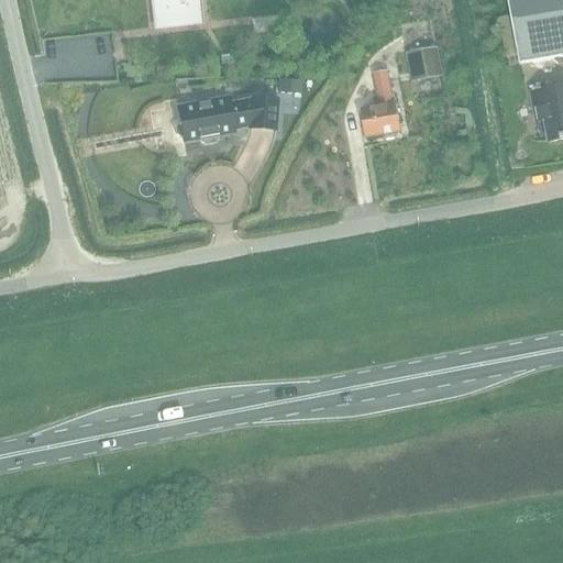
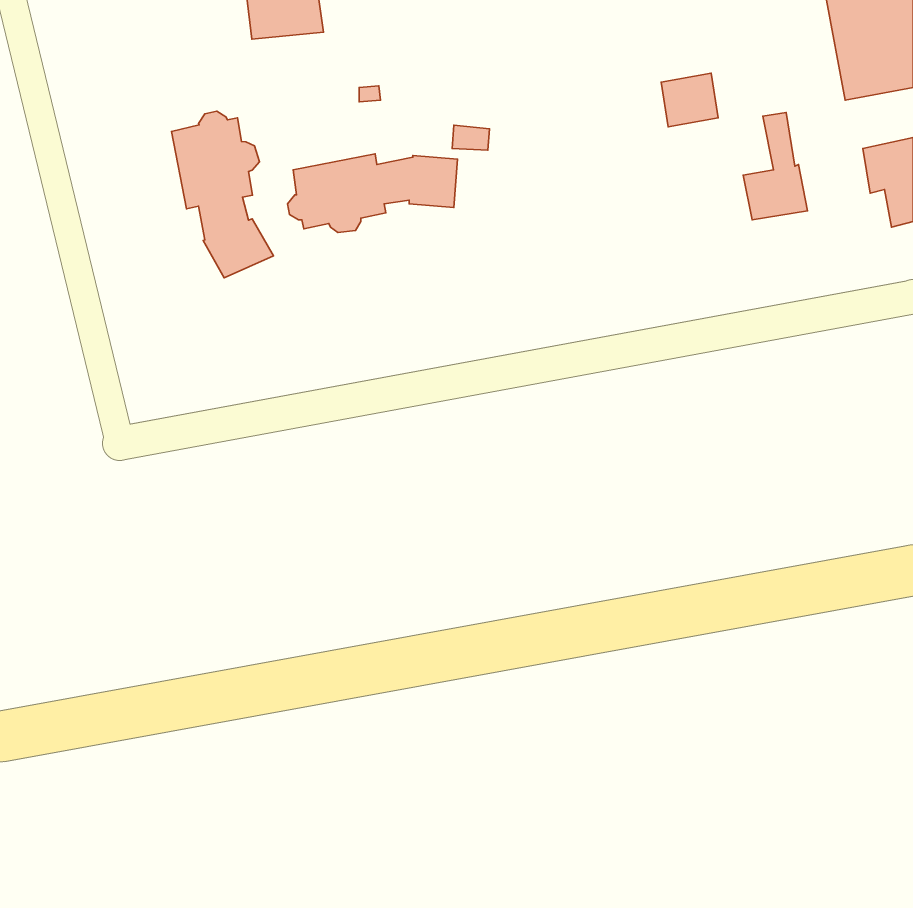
building: none -> [172,111,273,278]
building: [361,70,400,136] -> [743,113,807,220]

